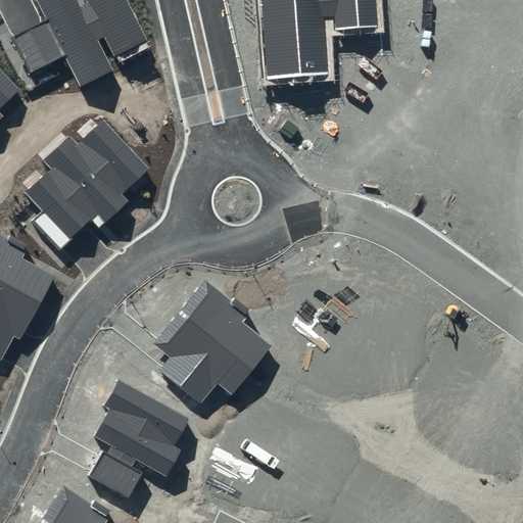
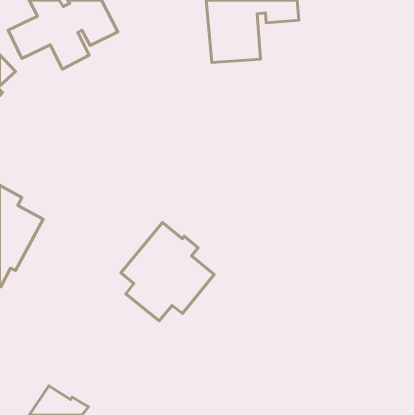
building: [23,120,149,250] -> none
building: [86,379,187,500] -> none

